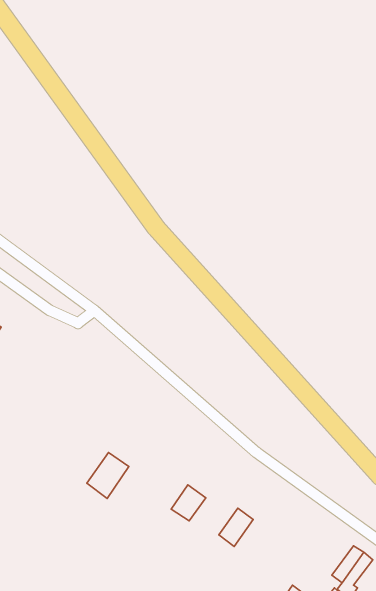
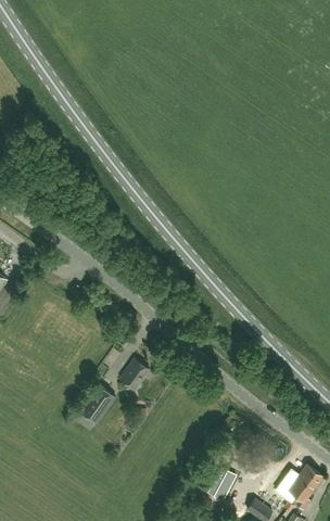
building: [171,485,206,521] -> [119,359,149,390]
building: [219,508,253,546] -> [210,463,239,496]

